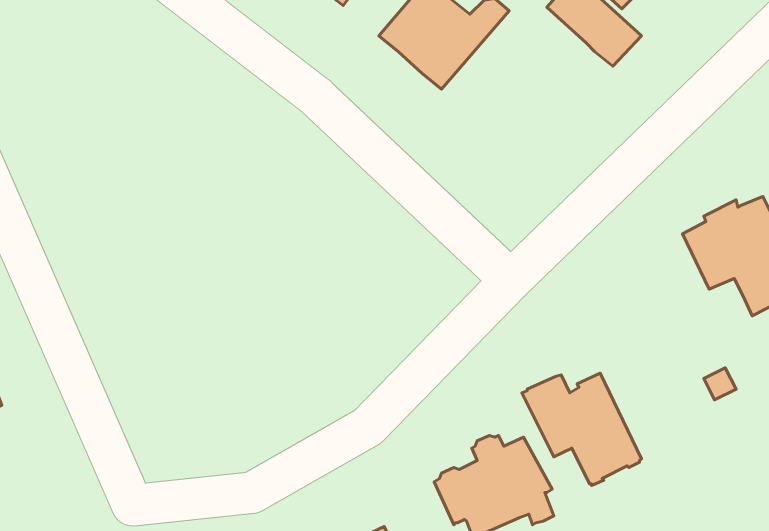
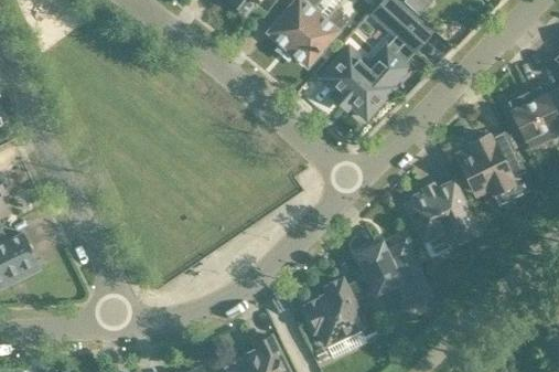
building: none -> [321,36,406,118]
building: none -> [406,180,479,245]

